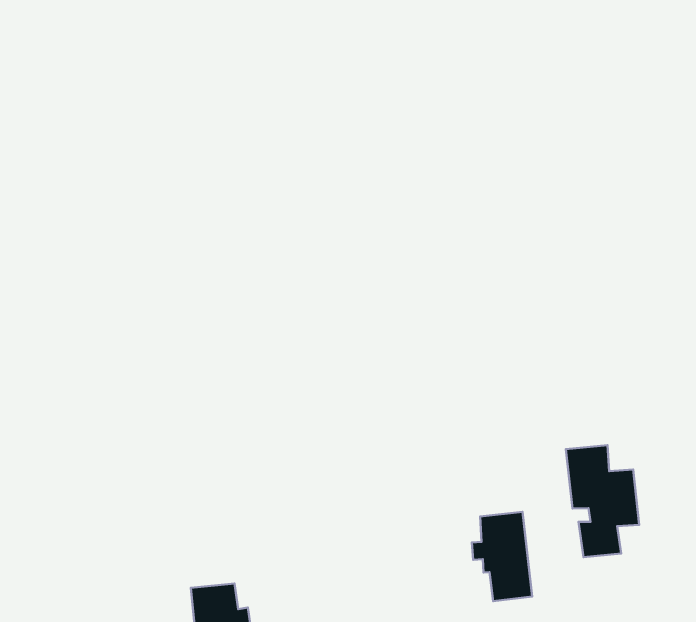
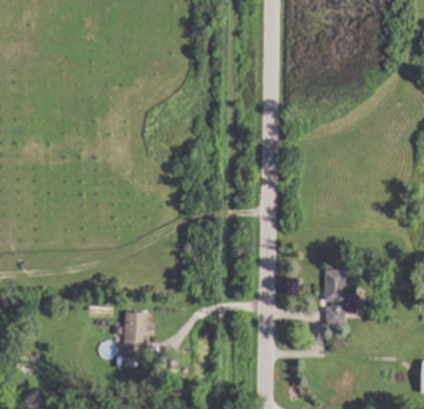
building: [472,512,532,601] -> none

